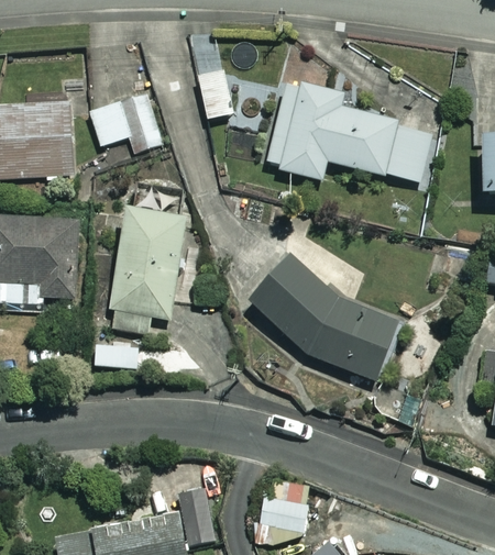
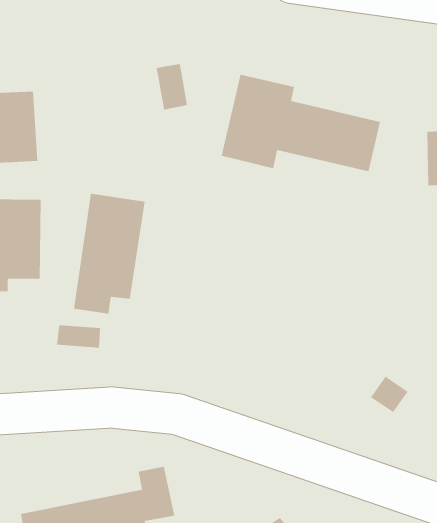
building: [90,91,163,149] -> none
building: [250,258,396,381] -> none
building: [255,496,309,540] -> none

